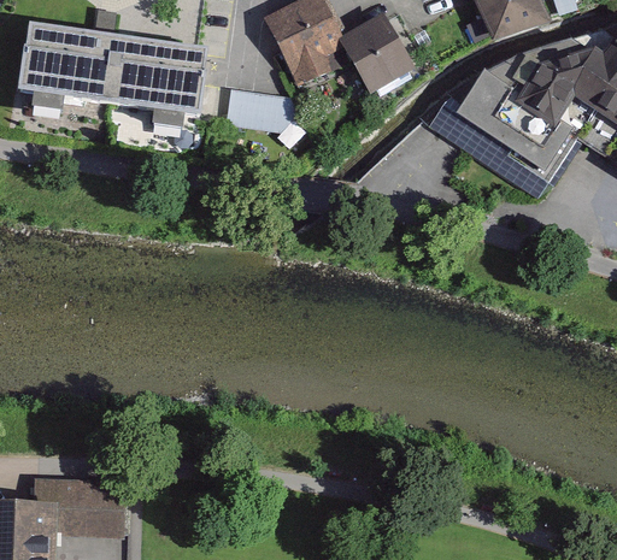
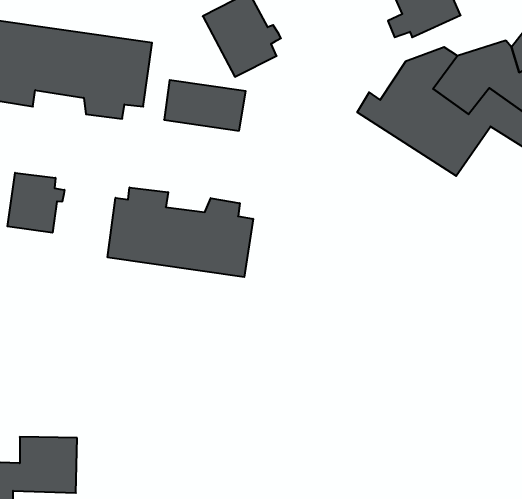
building: [345,18,410,88] -> none
building: none -> [7,173,64,233]
building: none -> [108,187,253,277]

